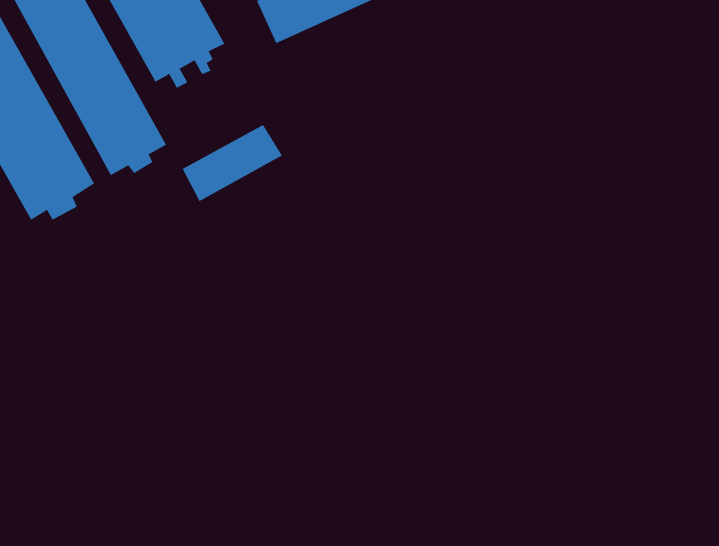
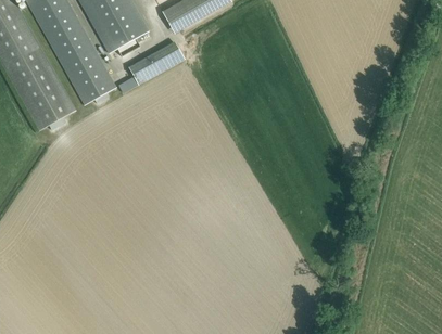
building: [182,124,283,202] -> [128,41,185,85]

